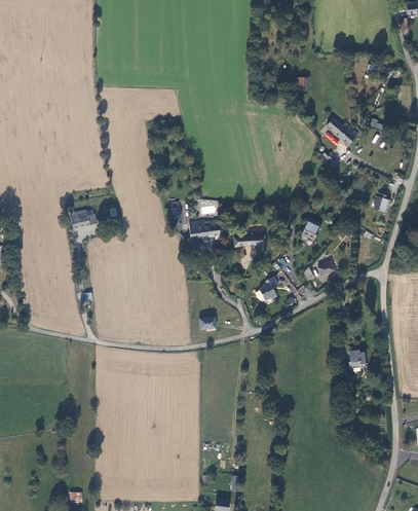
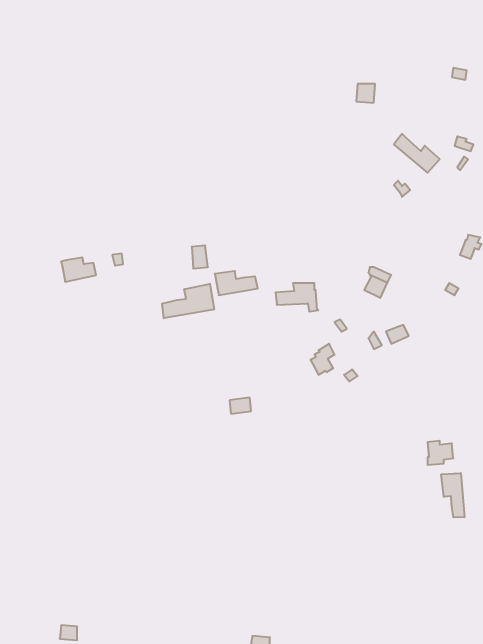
building: none -> [162,284,214,318]
building: none -> [441,473,464,517]

